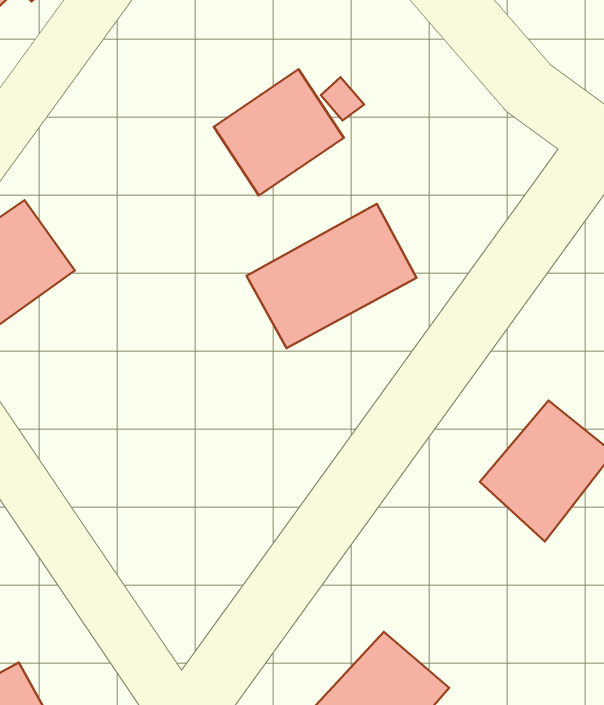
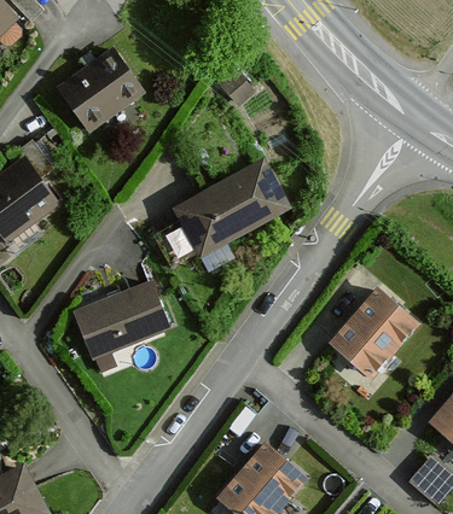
building: [214,69,344,196] -> [58,47,145,132]
building: none -> [75,281,167,373]

